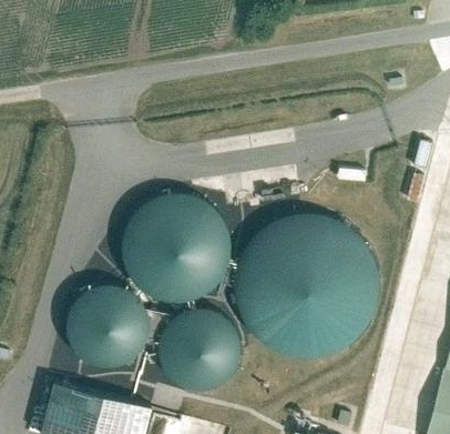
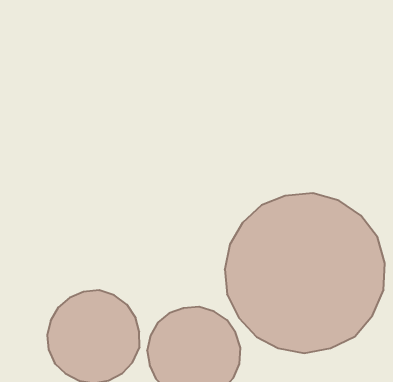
building: [121,192,233,302] -> none

